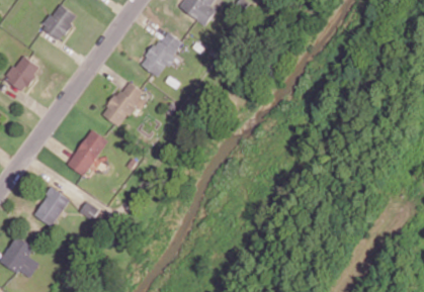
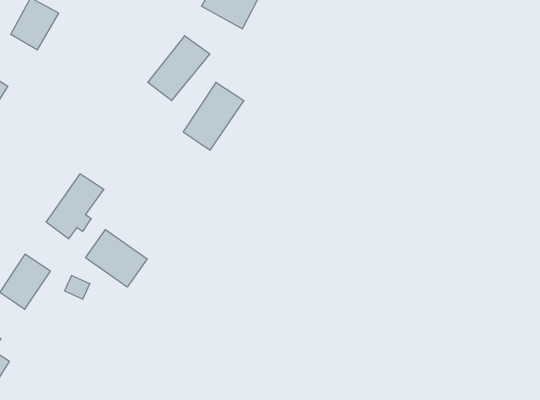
building: [102,80,146,128] -> [183,82,244,150]
building: none -> [86,230,147,287]

